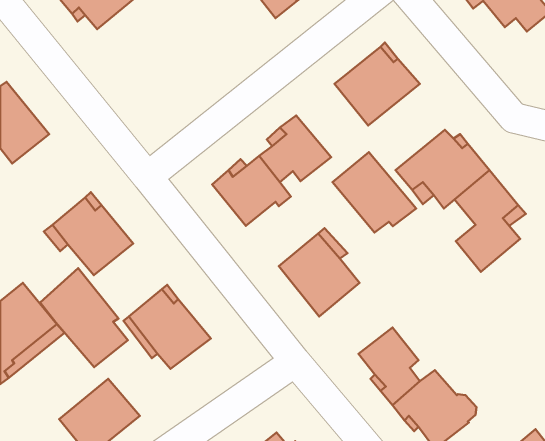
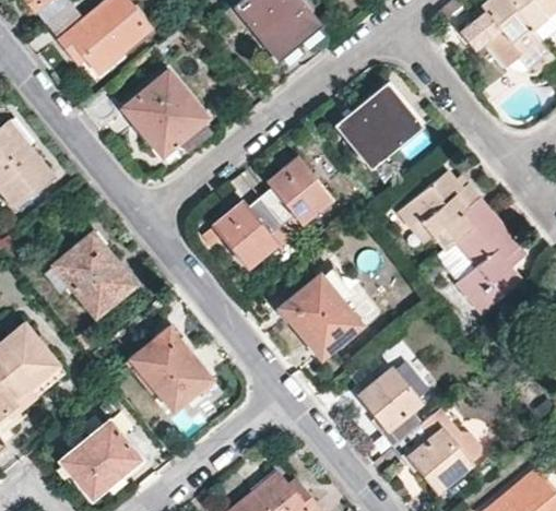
building: none -> [123,71,206,154]
building: [333,152,416,233] -> none
building: [40,268,128,367] -> none

